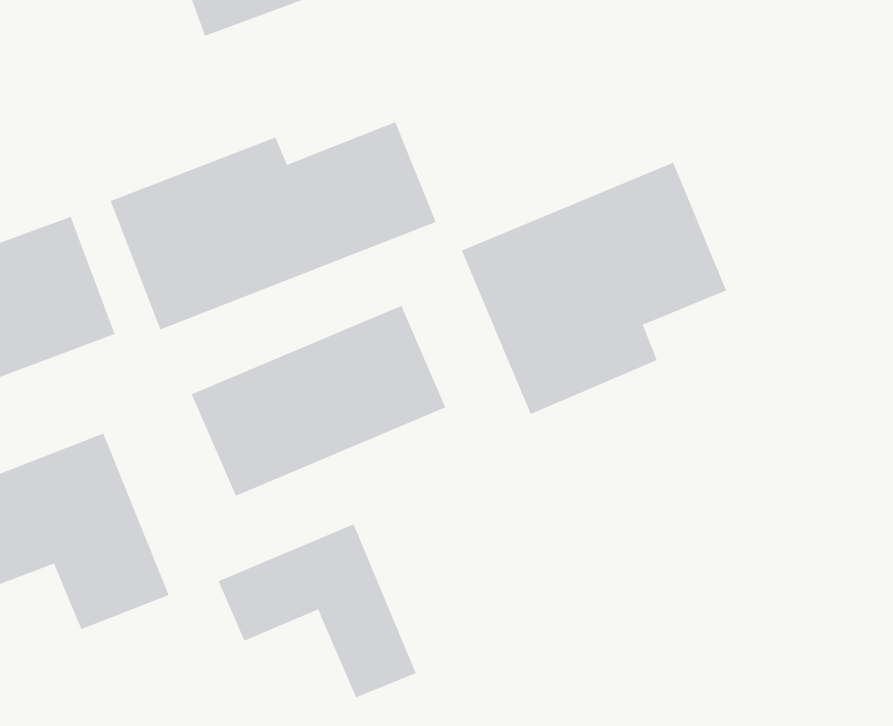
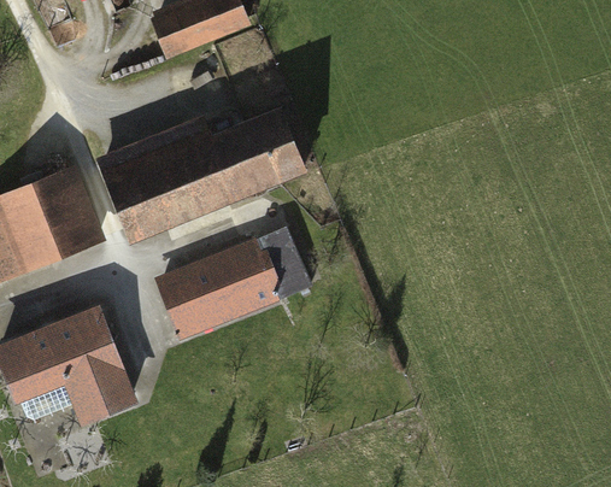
building: [461,162,727,415] -> none
building: [218,523,417,698] -> none

